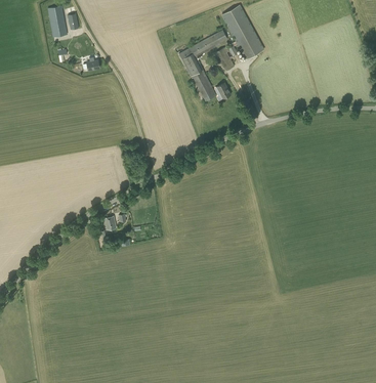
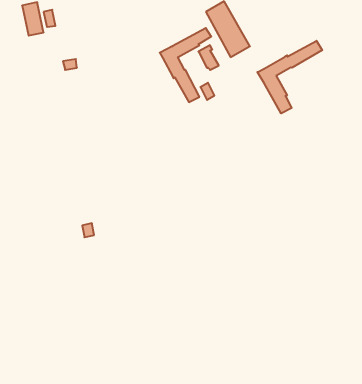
building: none -> [257,41,322,113]

